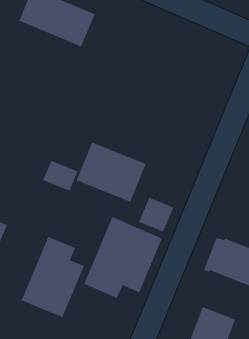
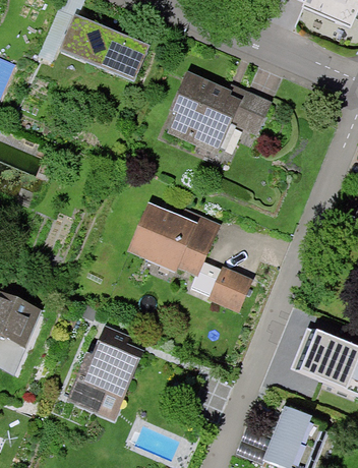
building: none -> [157,69,270,168]
building: [42,160,78,192] -> none
building: [83,216,163,299] -> none

